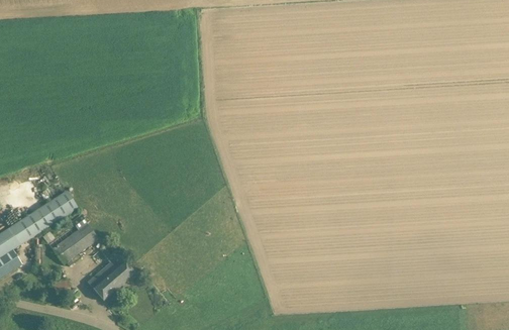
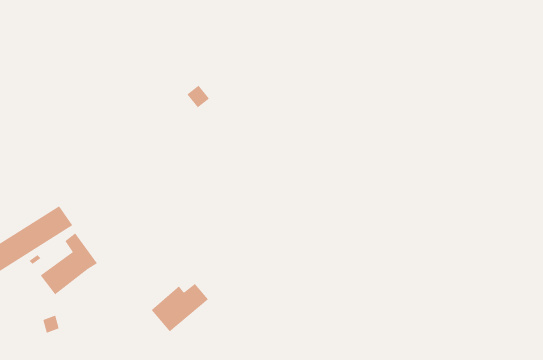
building: [87,259,134,300] -> [151,283,209,332]

